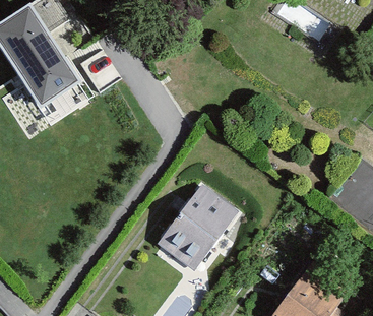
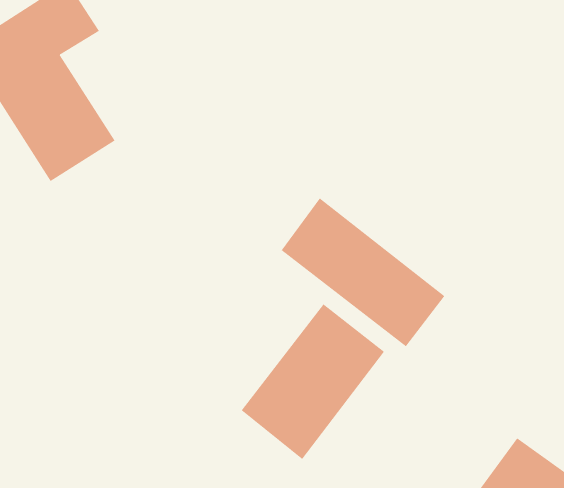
building: none -> [281,197,445,347]

